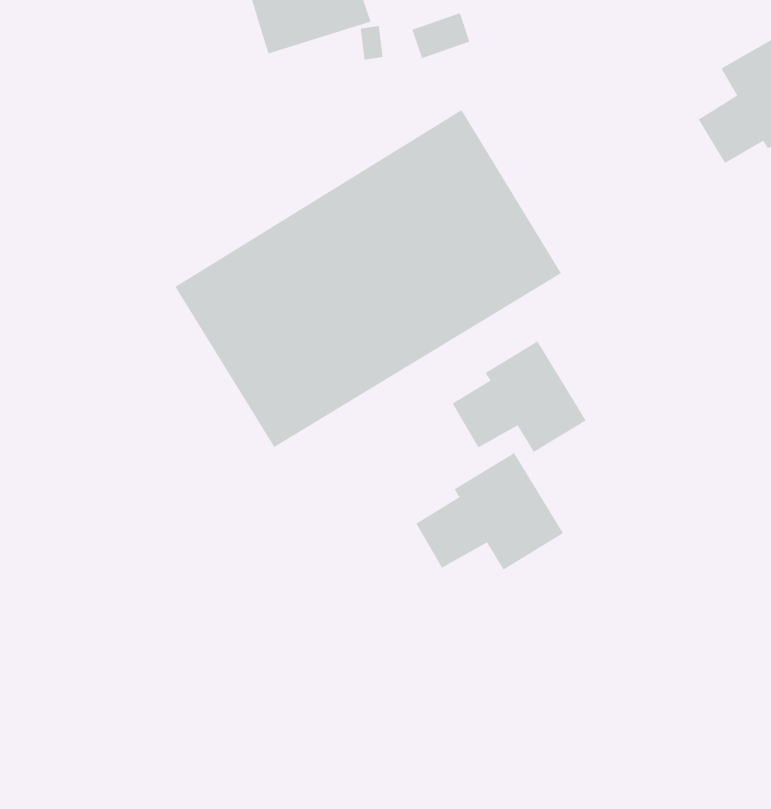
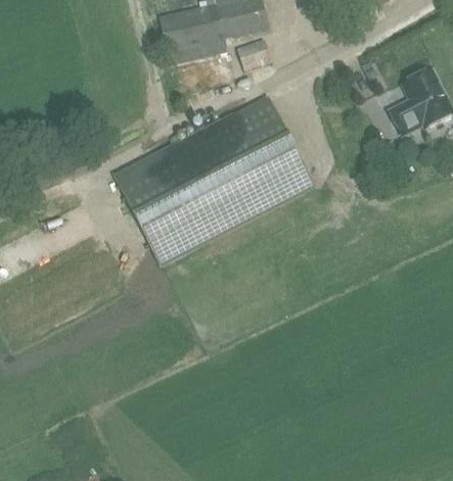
building: [452,340,587,453] -> none
building: [415,452,564,570] -> none

